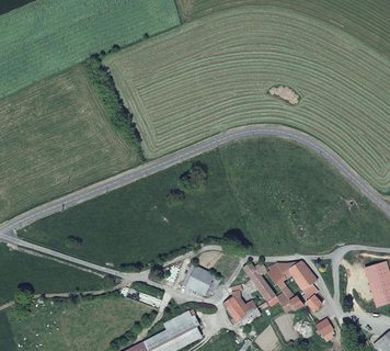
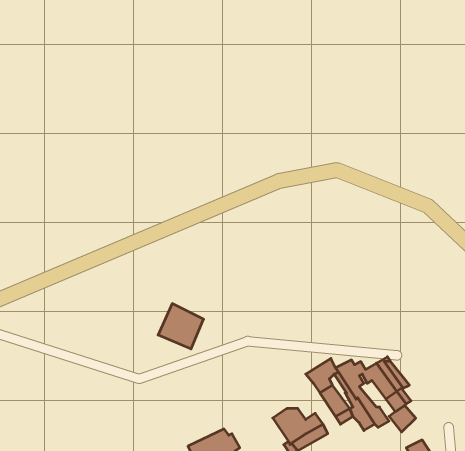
building: [182,263,214,295] -> [158,304,204,349]

